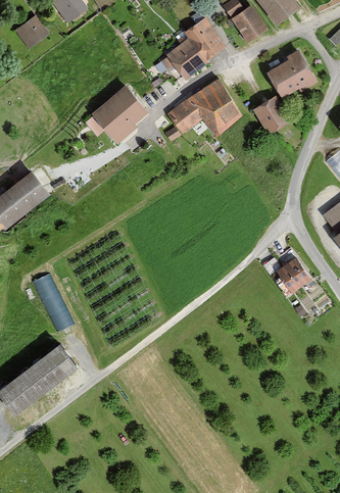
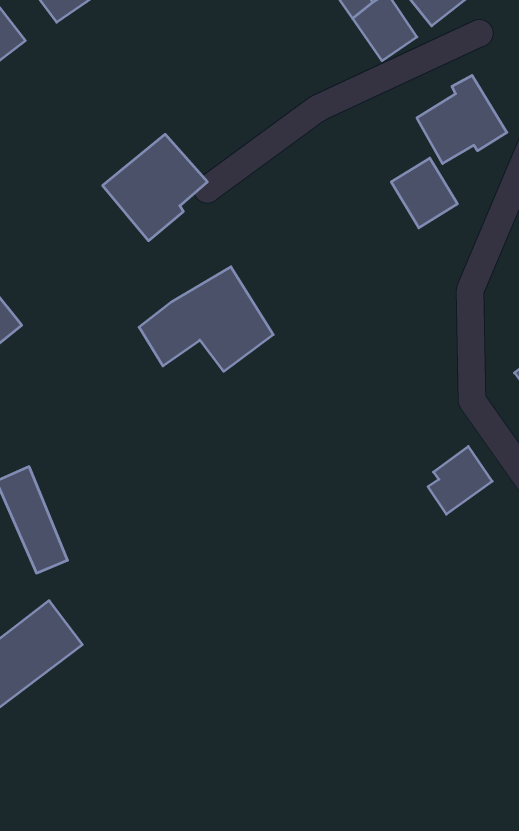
building: [164,18,224,81] -> none
building: [166,80,241,138] -> [139,267,273,371]

